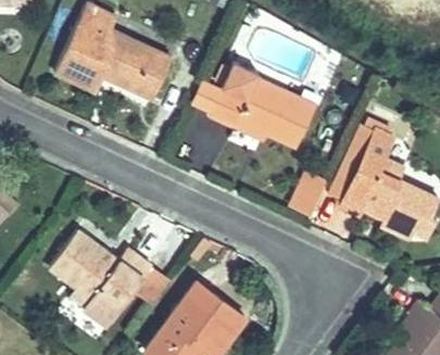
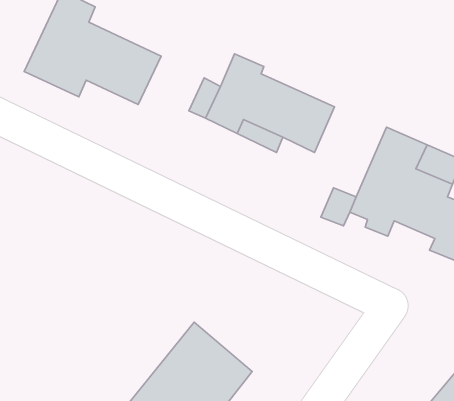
building: [53,228,156,326] -> none

